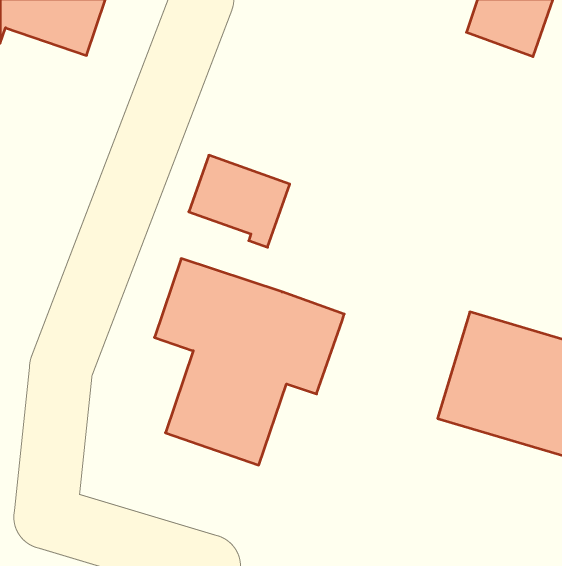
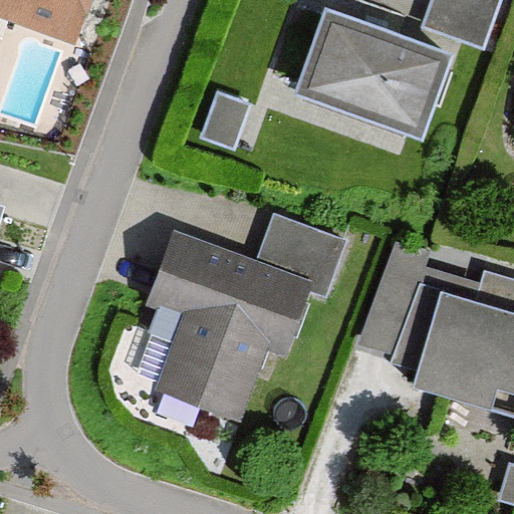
building: none -> [286,8,436,132]
building: [189,155,290,247] -> [260,213,351,296]

